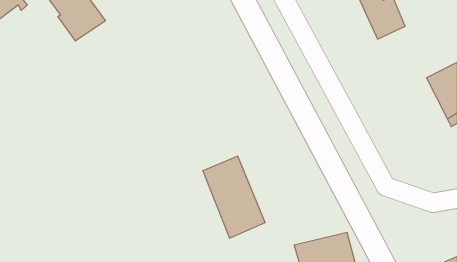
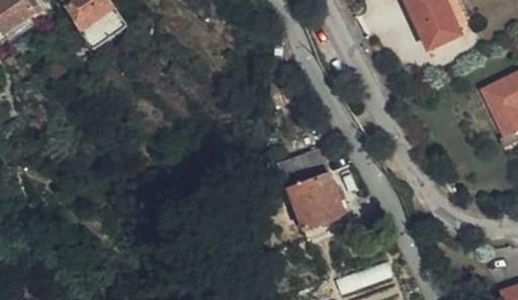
building: [203,156,265,238] -> [281,149,350,239]

